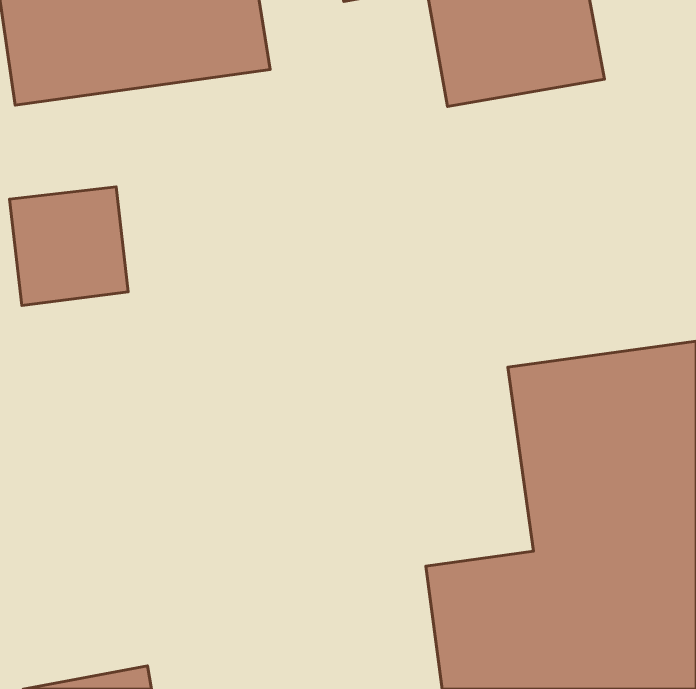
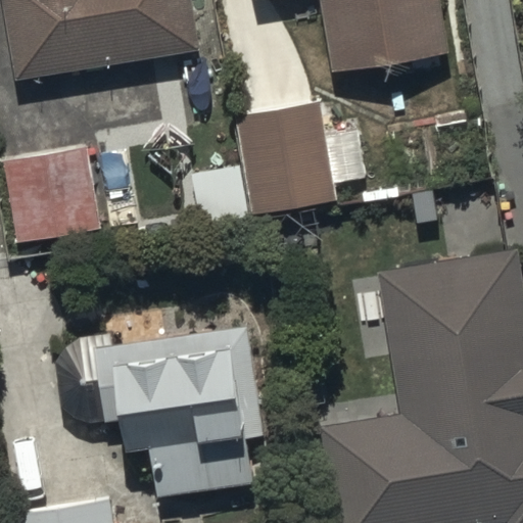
building: none -> [201,101,367,226]
building: none -> [96,329,260,494]

